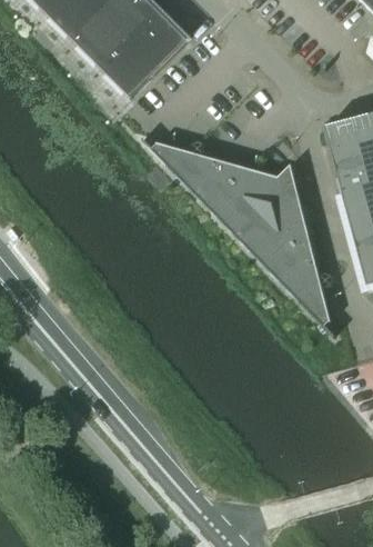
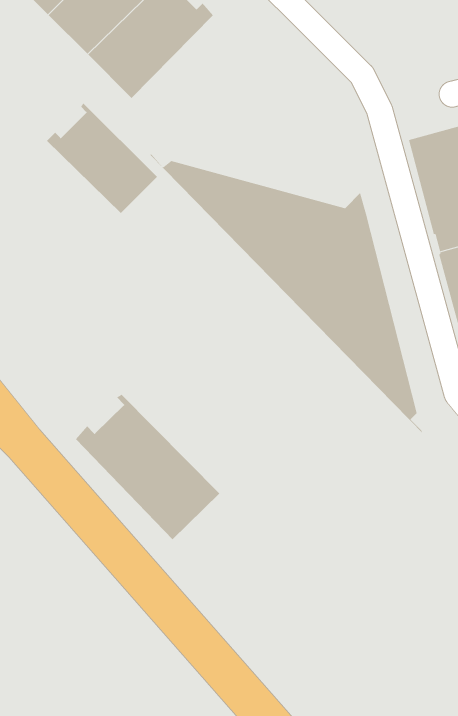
building: none -> [46,102,158,214]
building: none -> [75,394,220,540]

